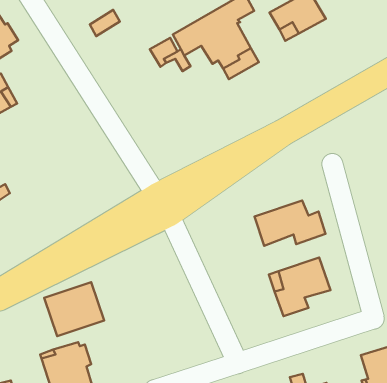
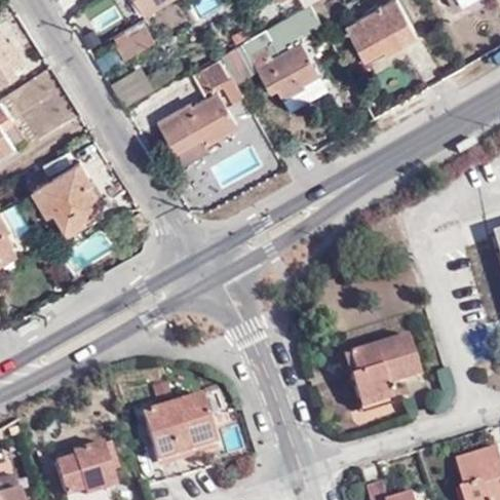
building: none -> [157,93,235,163]
building: none -> [25,162,95,231]
building: [255,200,325,246] -> none
building: [44,282,104,336] -> [141,395,217,463]

